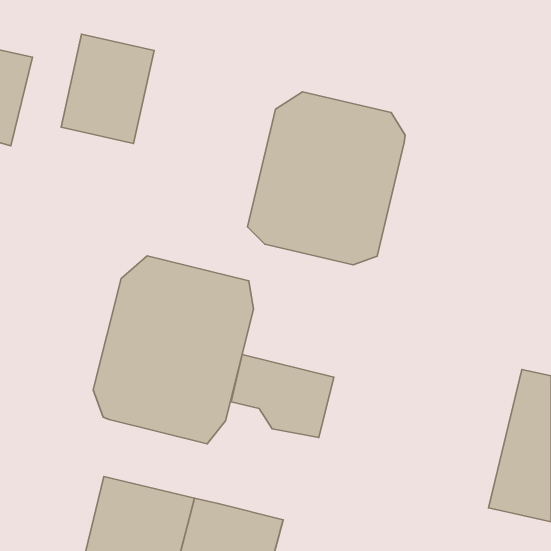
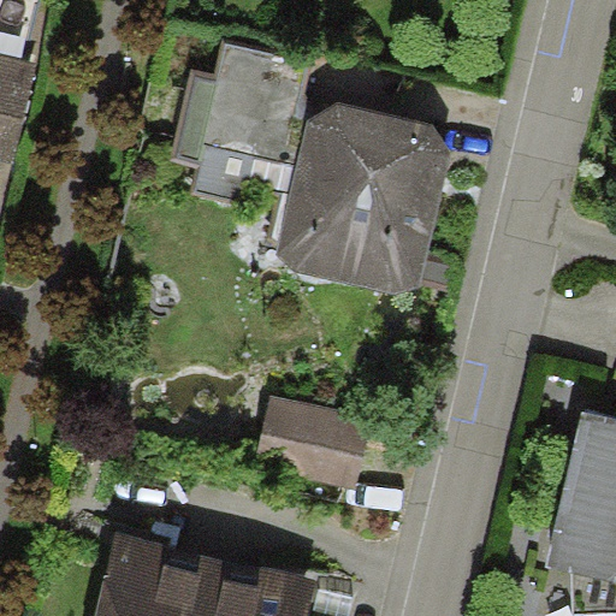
building: [61,34,154,143] -> [202,42,306,164]
building: [93,256,253,444] -> none

